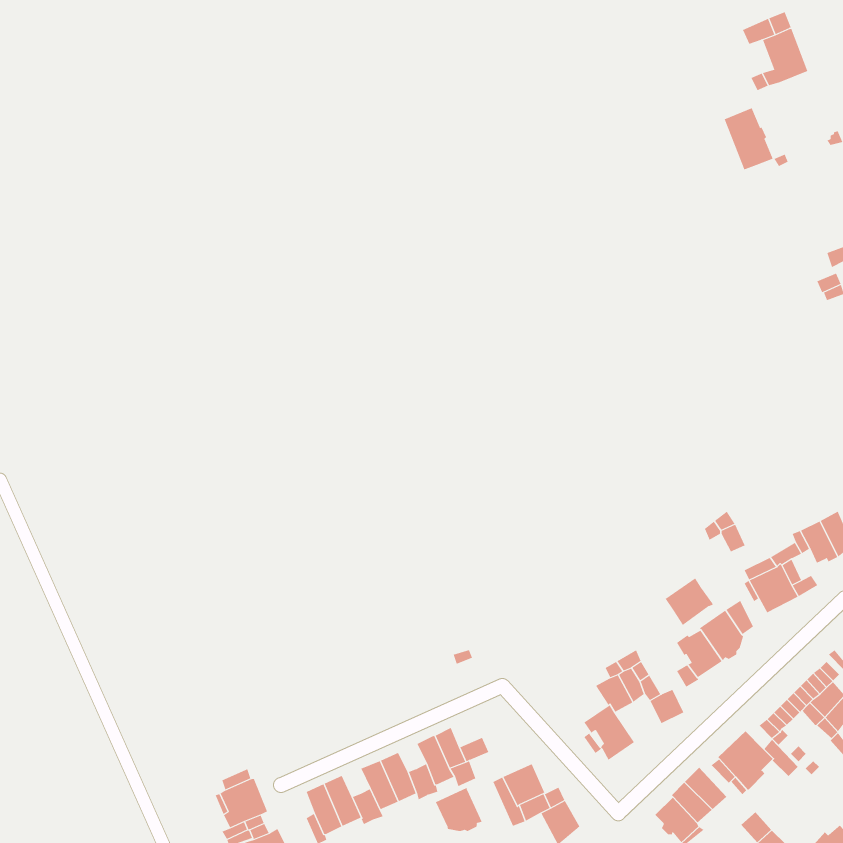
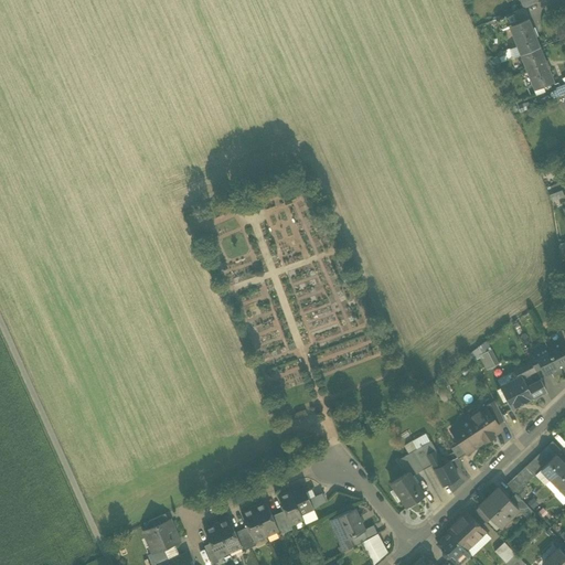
building: [724,107,774,170] -> [522,49,555,90]
building: [665,578,713,626] -> none
building: [435,787,482,832] -> none

